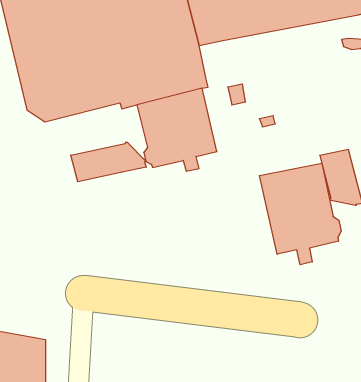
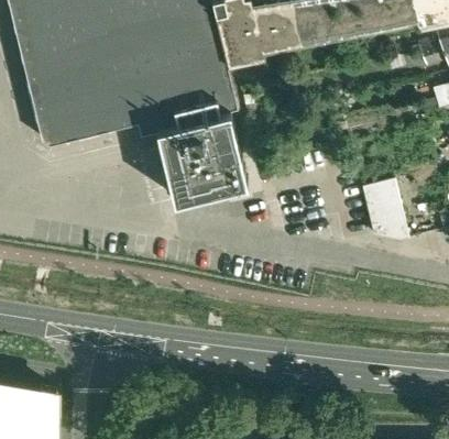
building: [71,142,146,182] -> none
building: [259,163,341,265] -> none

